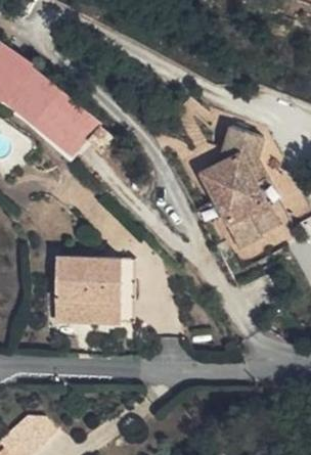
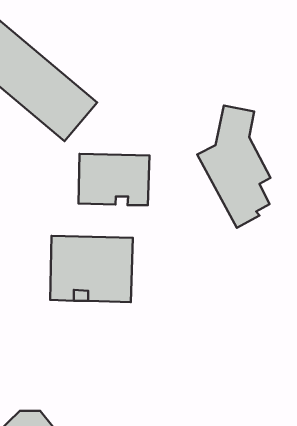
building: none -> [79,154,150,205]

